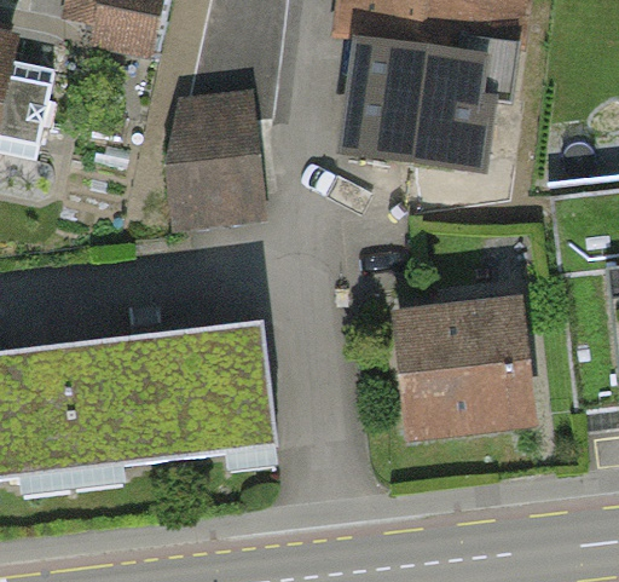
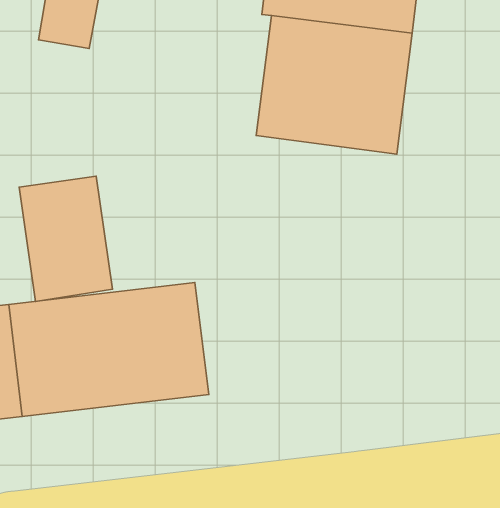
building: [160,94,262,232] -> [19,176,113,301]
building: [387,300,534,449] -> none

